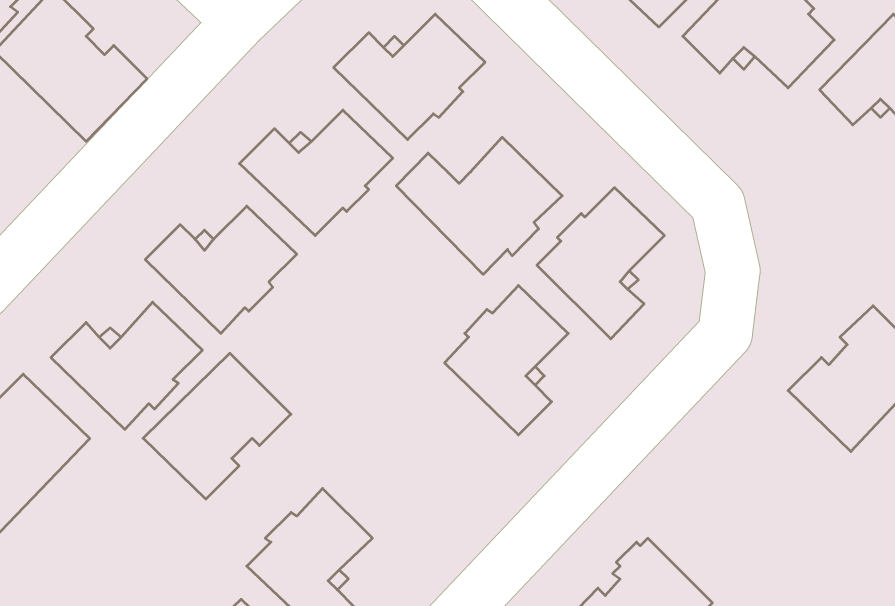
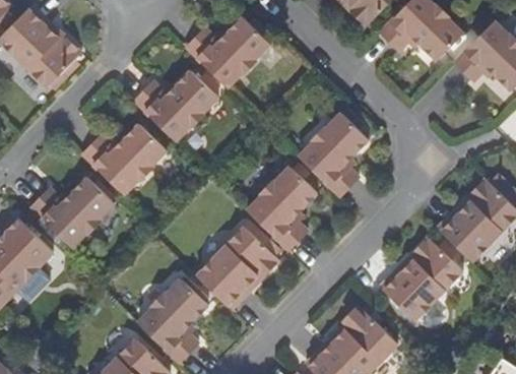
building: [396,137,562,274] -> none
building: [143,353,291,499] -> [197,230,278,310]
building: none -> [379,238,460,320]

